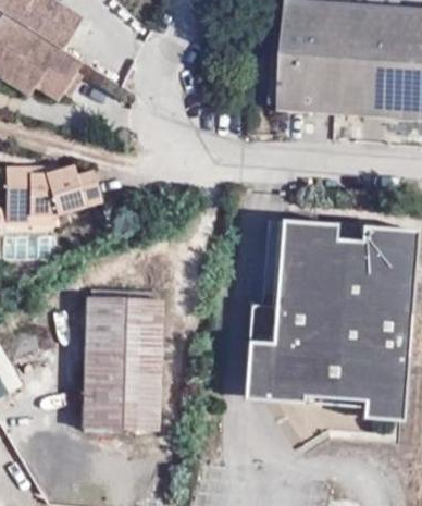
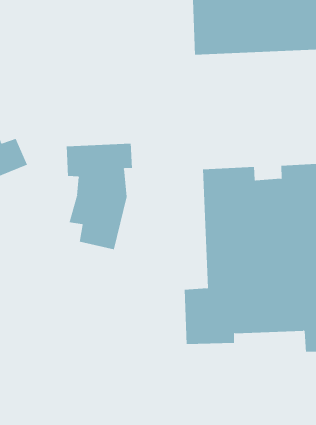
building: none -> [66,143,132,250]
building: [79,289,163,429] -> none

